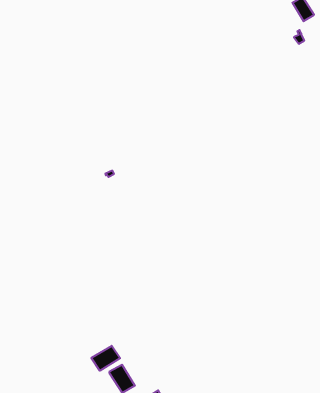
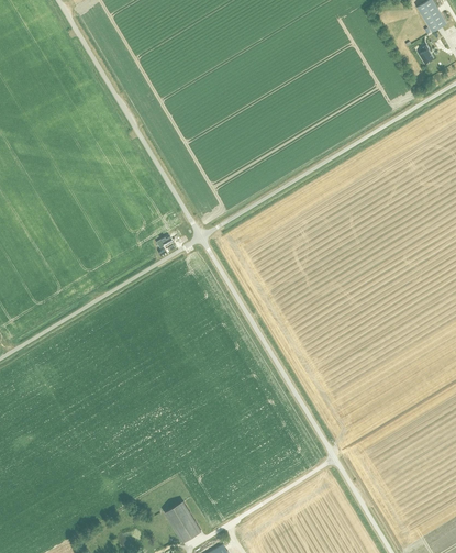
building: [91,346,120,371] -> none

